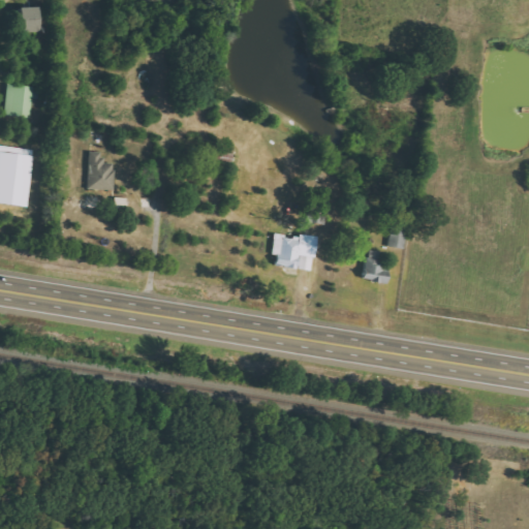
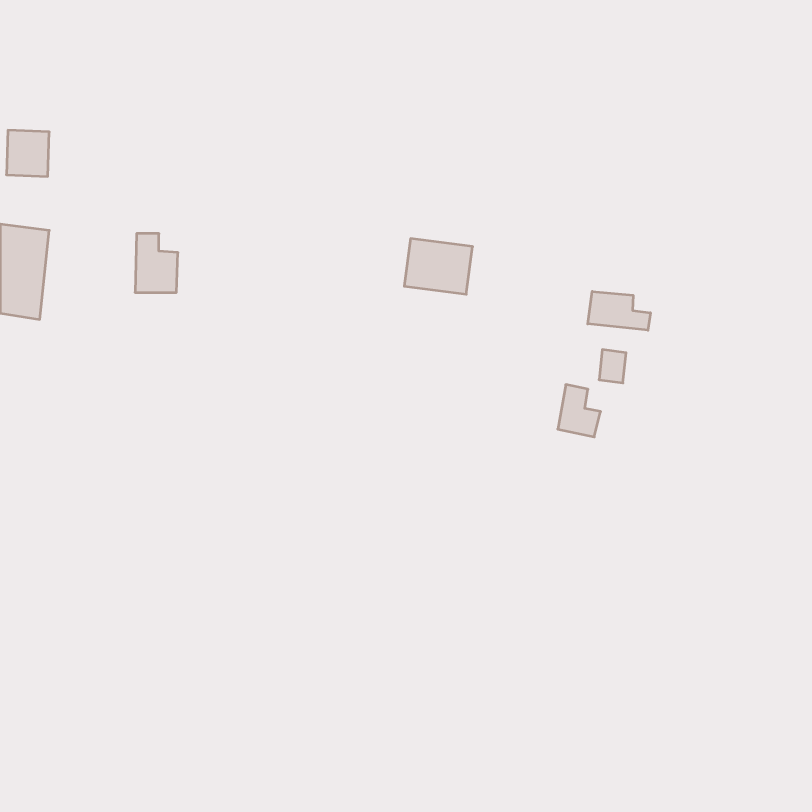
building: [13,6,34,31] -> none
building: none -> [588,291,650,330]
building: [272,234,316,270] -> [404,239,473,294]

